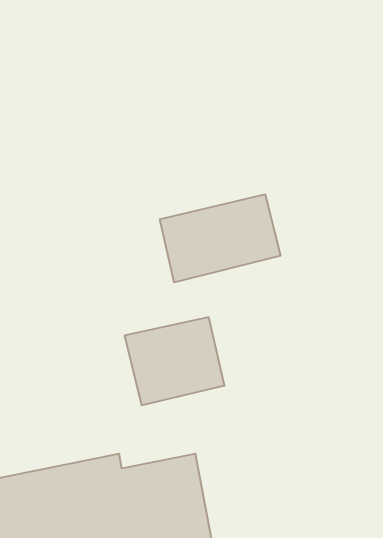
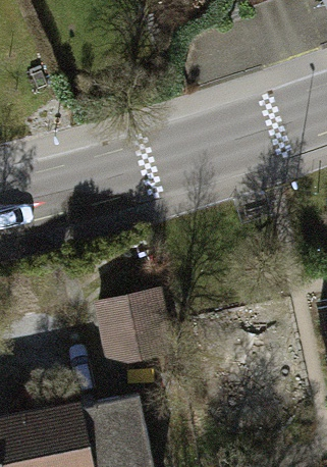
building: [160,194,281,282] -> none

